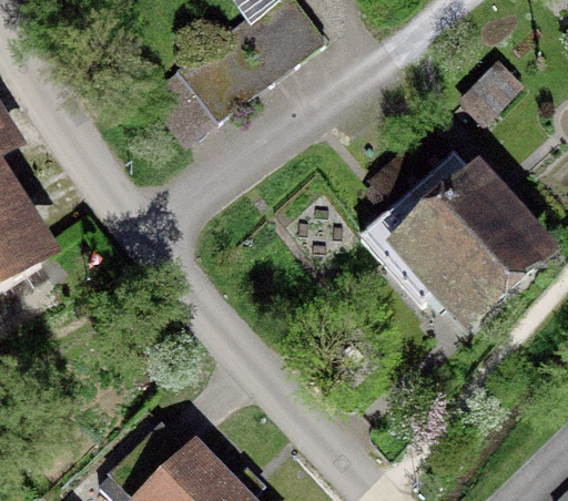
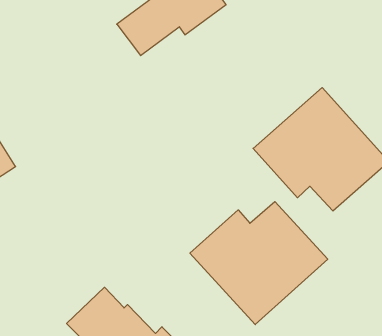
building: none -> [190,202,328,325]

